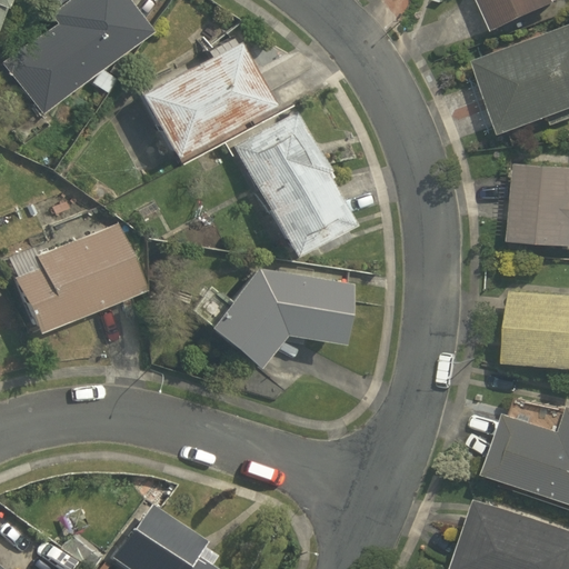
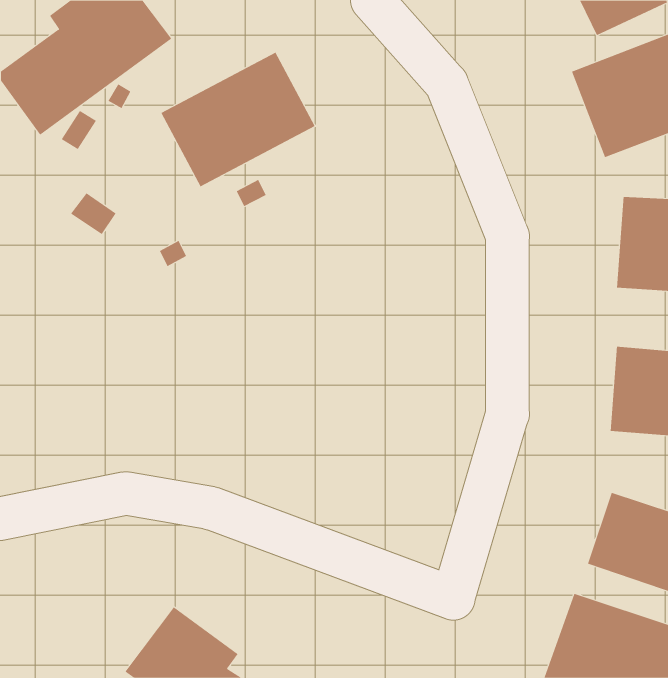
building: [236,111,353,256] -> none
building: [17,224,144,332] -> none
building: [211,269,352,367] -> none

